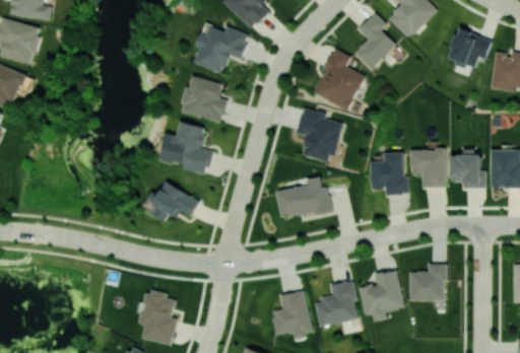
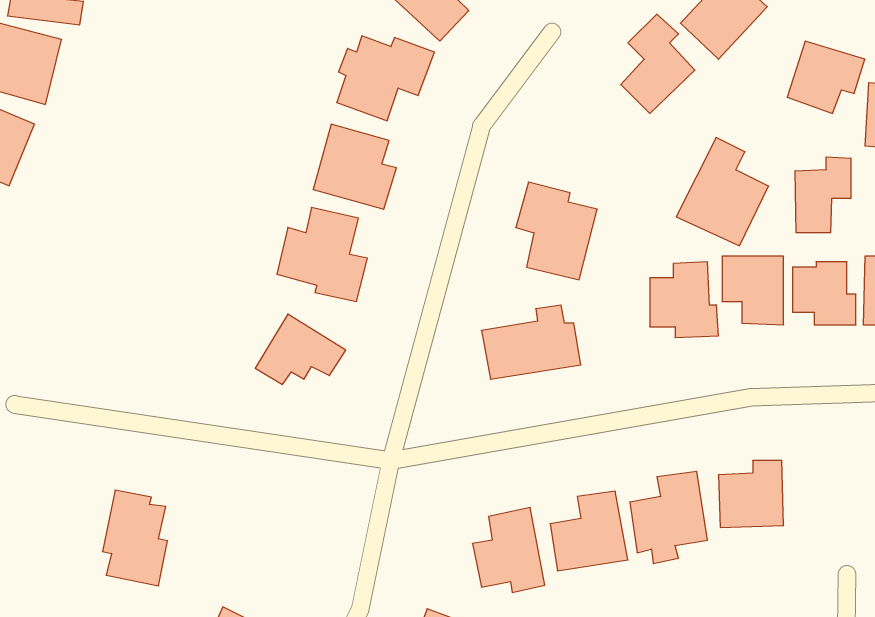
building: [312,49,364,110] -> [676,137,769,246]
building: none -> [795,157,851,233]
building: [139,290,176,344] -> [102,490,168,586]

